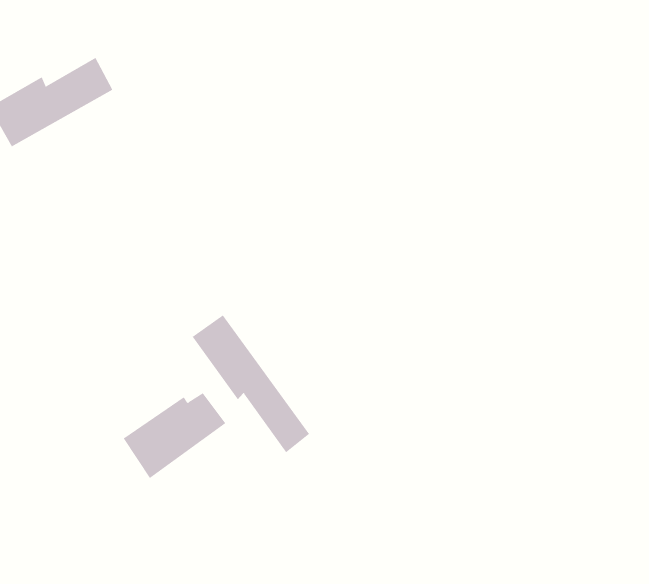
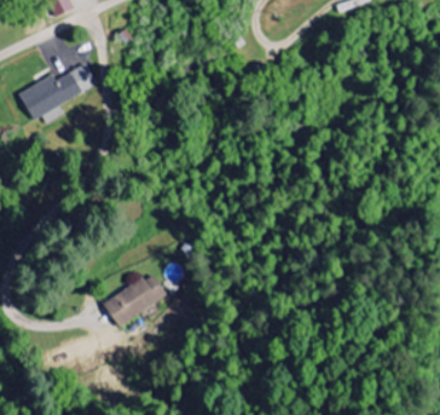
building: [192,314,310,453] -> none

